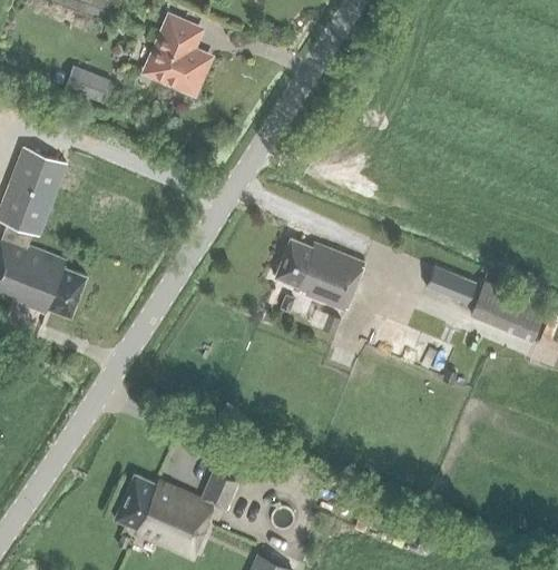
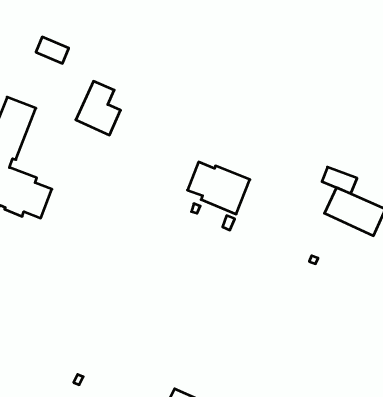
building: [147,18,209,92] -> [76,81,121,135]
building: [427,267,476,304] -> [322,167,357,194]
building: [114,471,237,559] -> none

